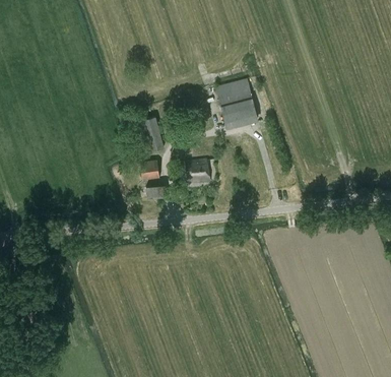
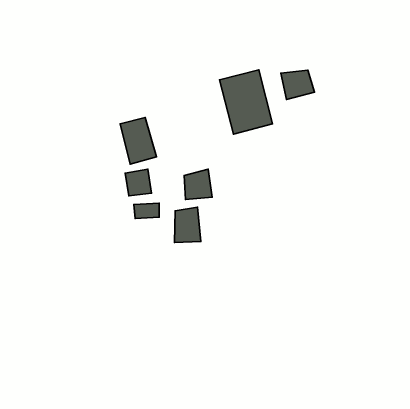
building: none -> [281,70,315,99]
building: none -> [174,207,201,243]

